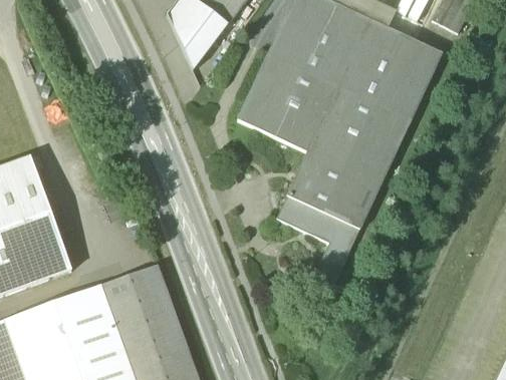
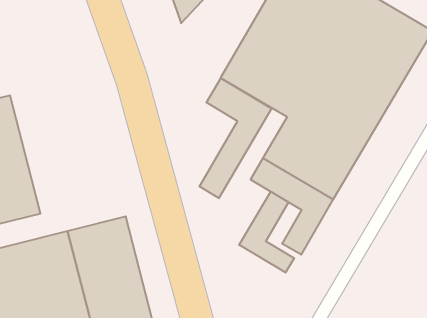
building: none -> [199,78,272,198]
building: none -> [239,191,294,273]

